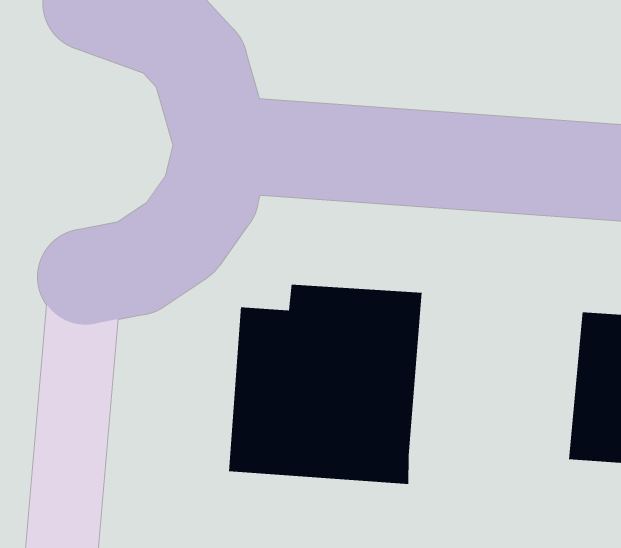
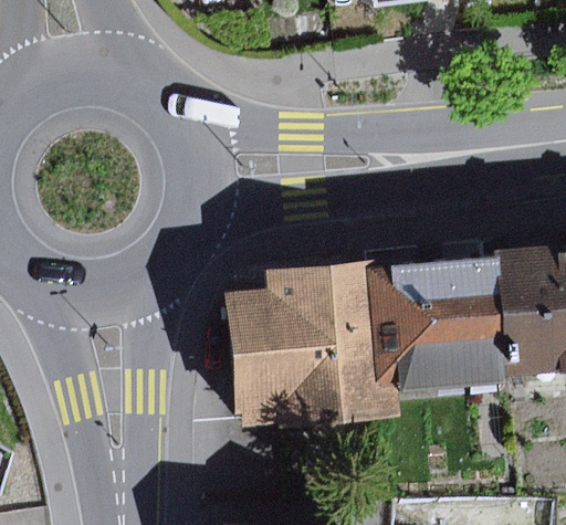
building: none -> [374,253,512,393]

